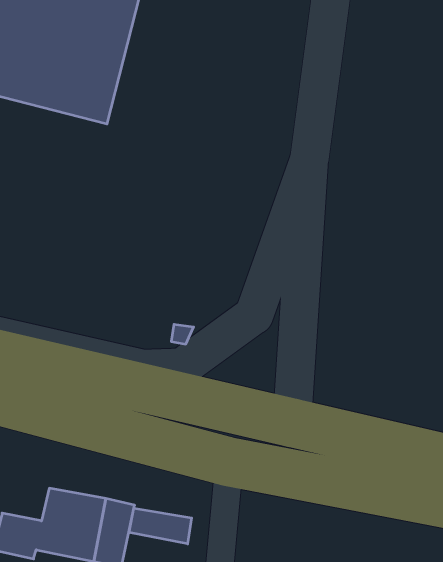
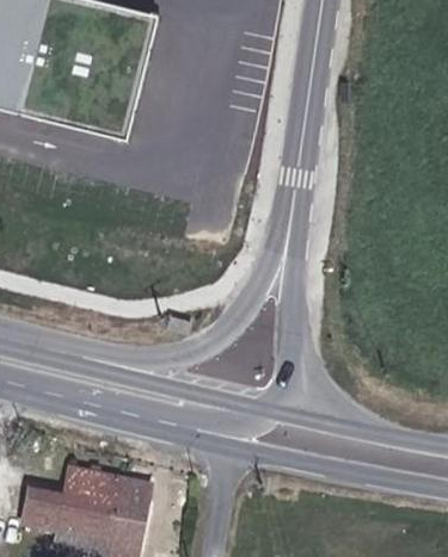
building: [129,508,192,544] -> none

